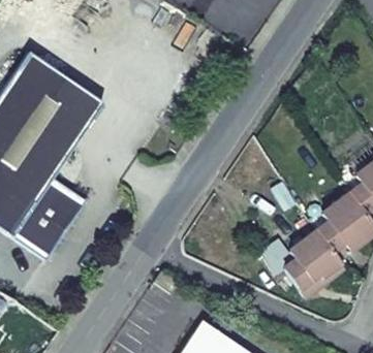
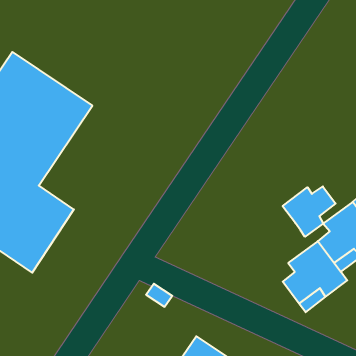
building: none -> [283,186,336,237]

